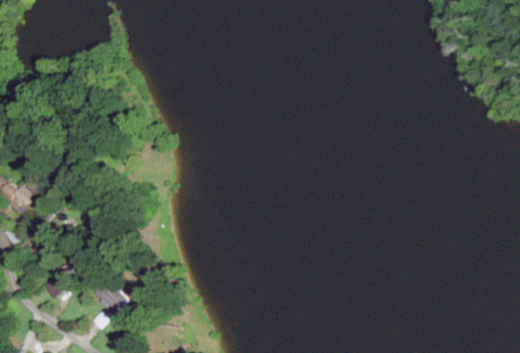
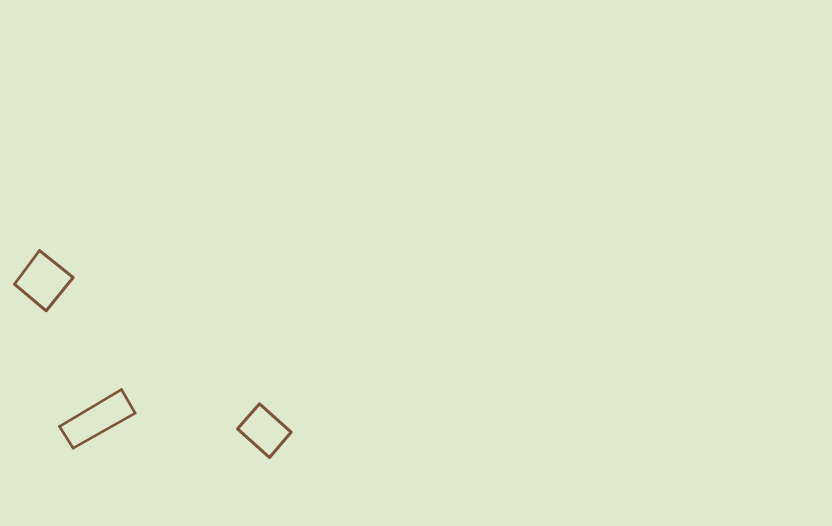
building: [92,282,125,314] -> [238,404,291,457]

